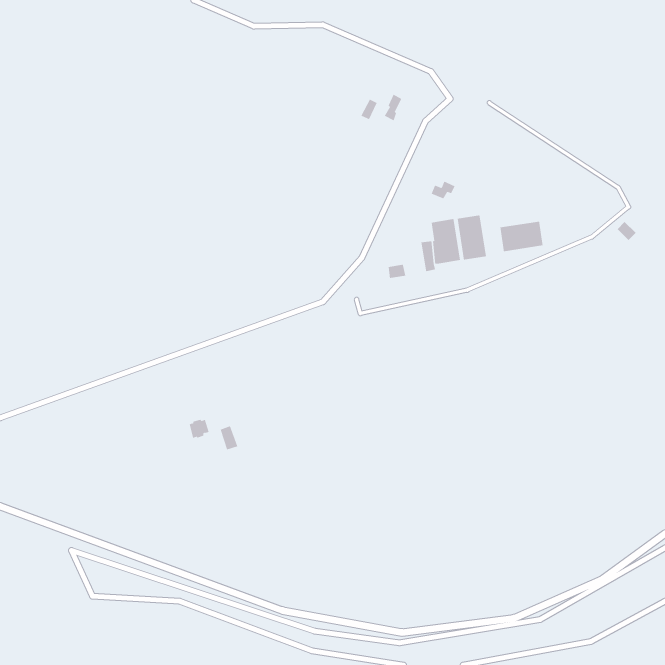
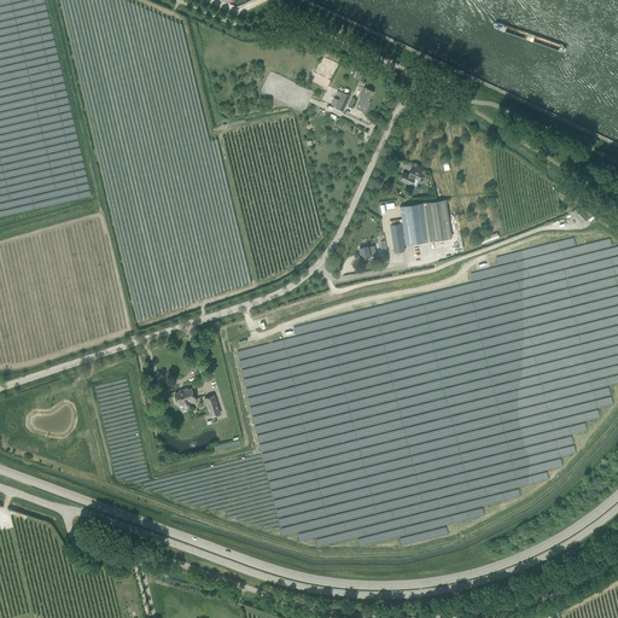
building: [500,221,543,252] -> none

